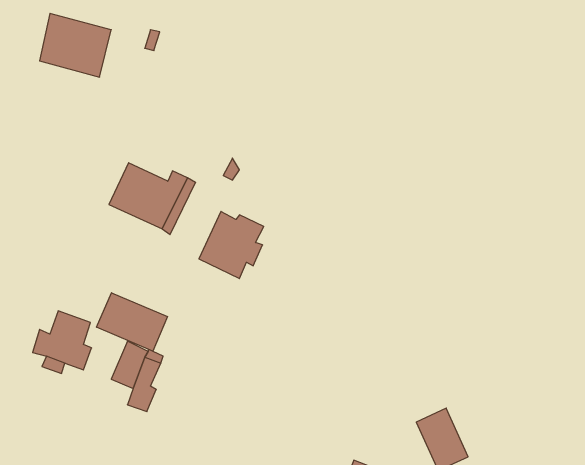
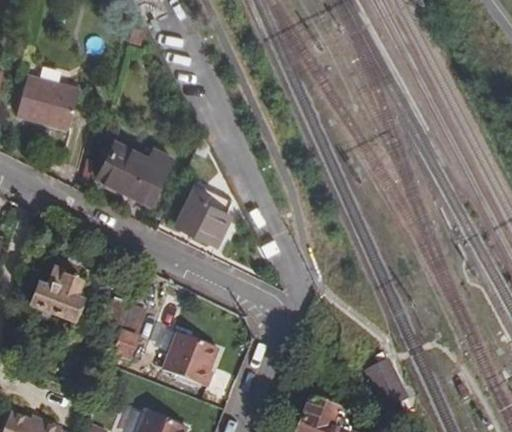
building: [40,13,111,77] -> [17,76,79,131]
building: [97,293,168,351] -> none
building: none -> [163,333,219,388]

